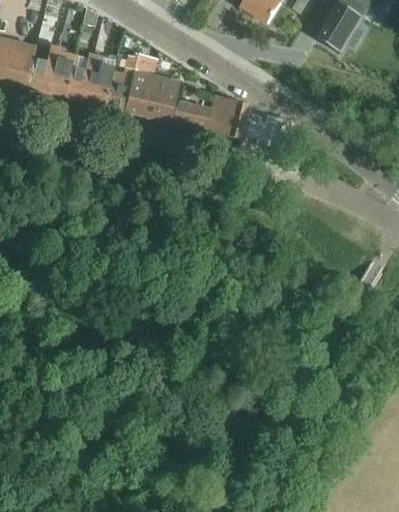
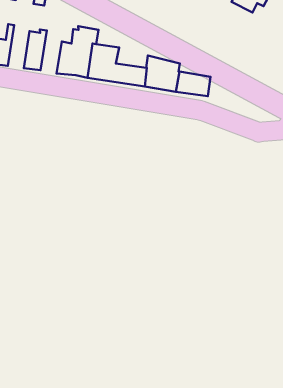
building: [47,44,76,96] -> none
building: [85,54,115,106] -> none

